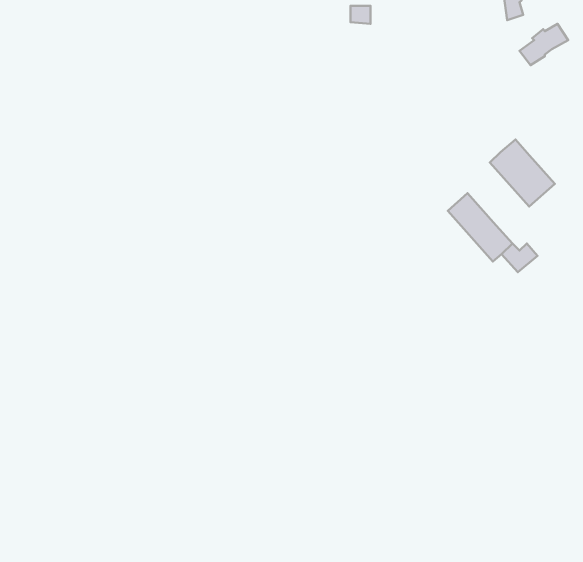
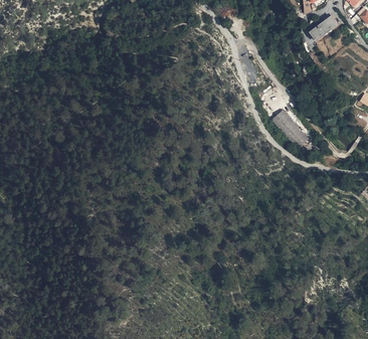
building: [490,140,555,206] -> none

